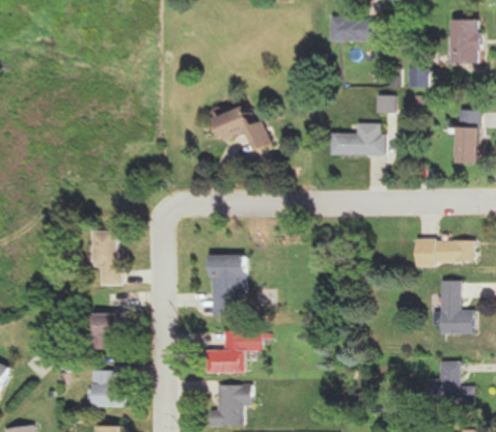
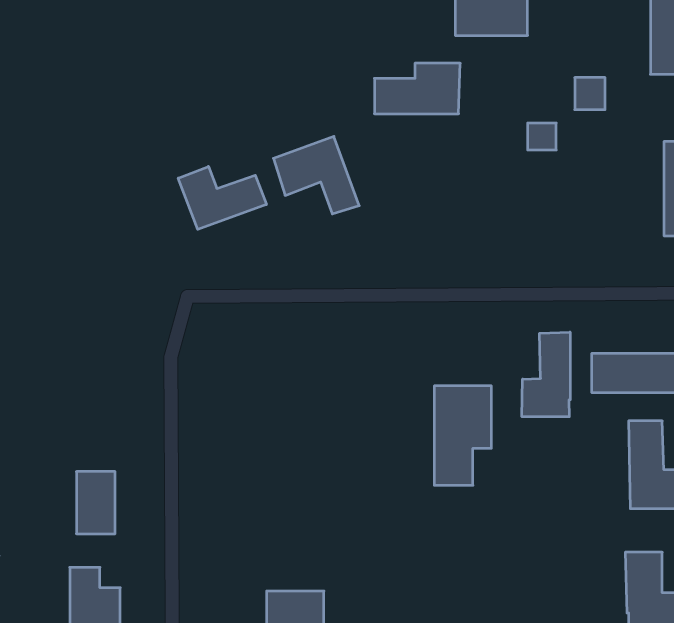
building: none -> [178,166,266,229]
building: [330,124,383,155] -> [374,63,460,114]
building: none -> [522,332,570,417]
building: [94,232,121,284] -> none
building: [209,254,244,315] -> [434,386,491,485]
building: [205,329,259,372] -> none

